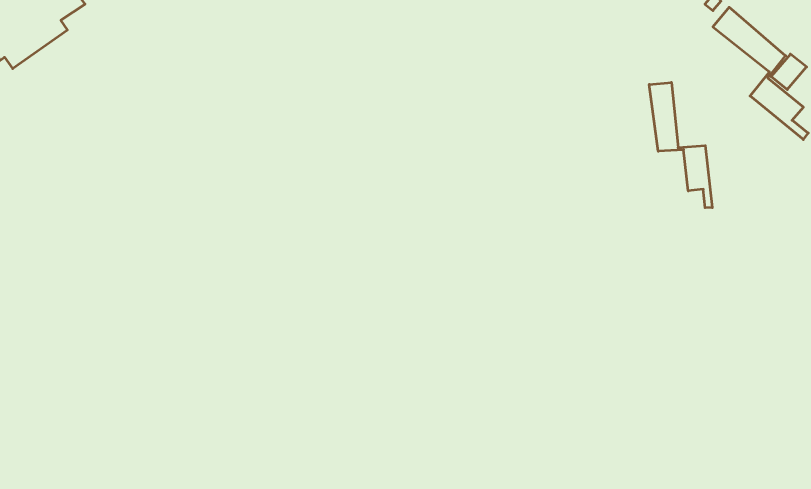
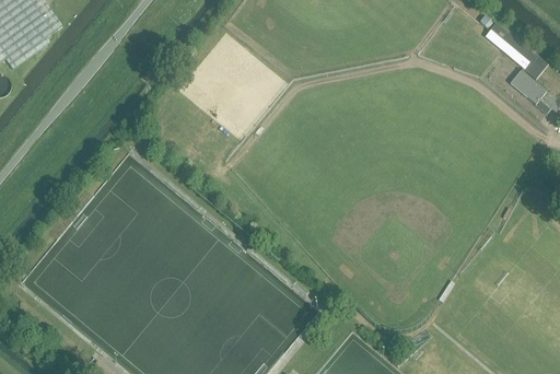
building: [649,82,712,208] -> none

